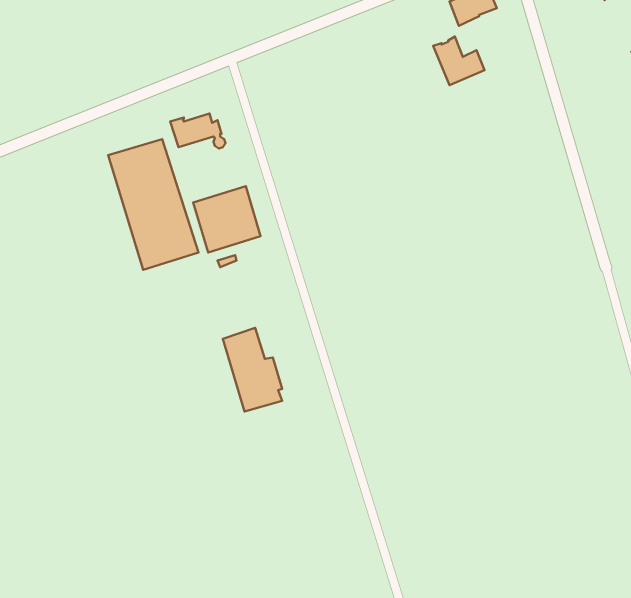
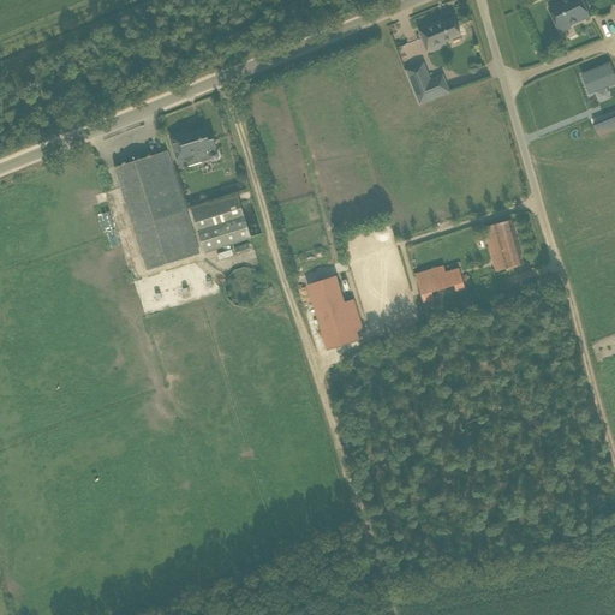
building: none -> [491,220,523,267]
building: none -> [416,265,465,301]
building: [223,328,282,412] -> [306,275,359,350]

